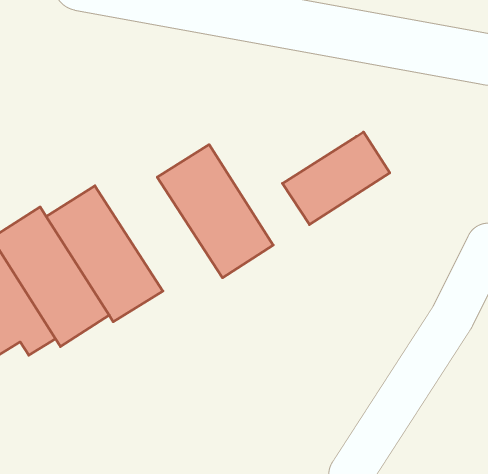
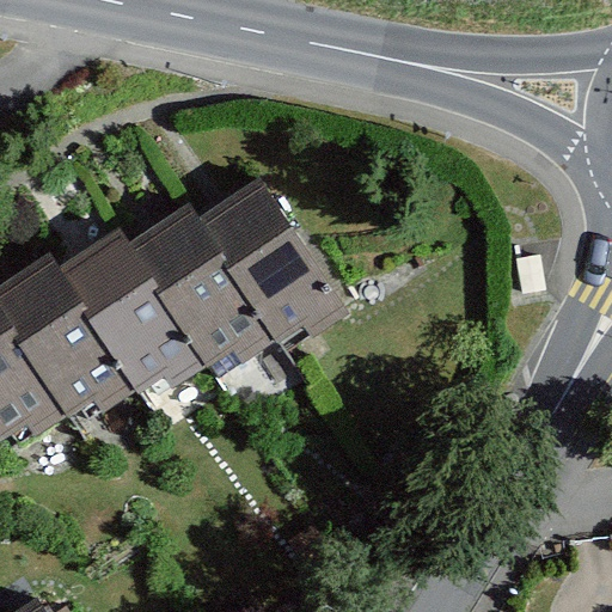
building: [282,132,390,225] -> none
building: none -> [127,206,270,374]

